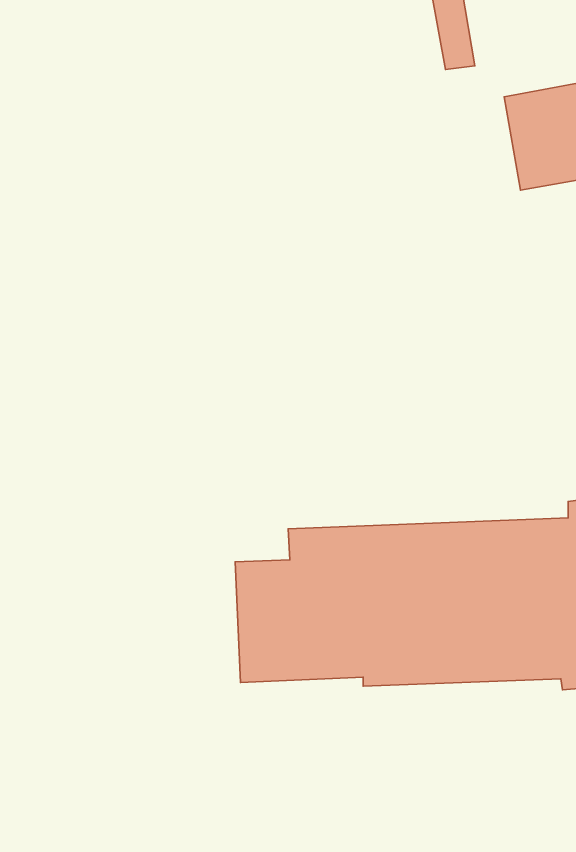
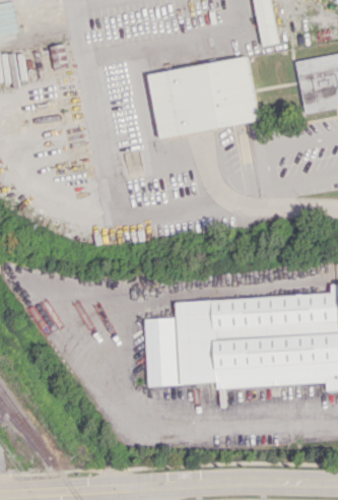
building: none -> [148,57,258,138]

